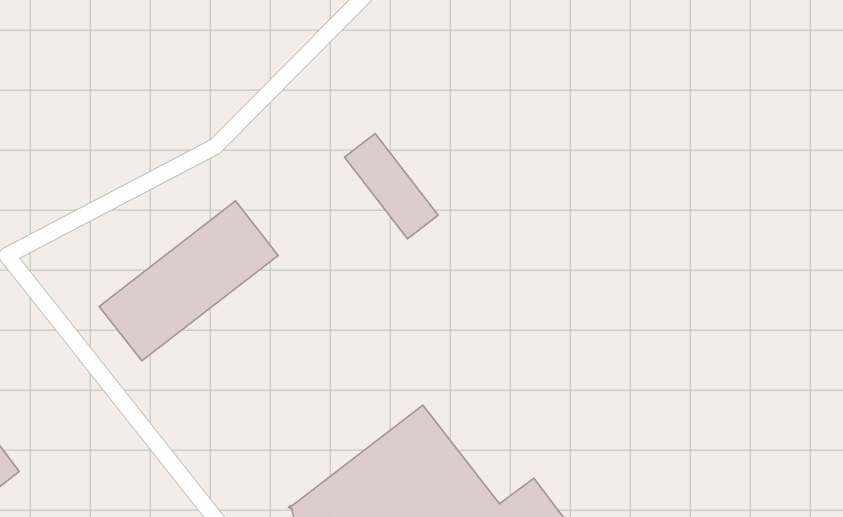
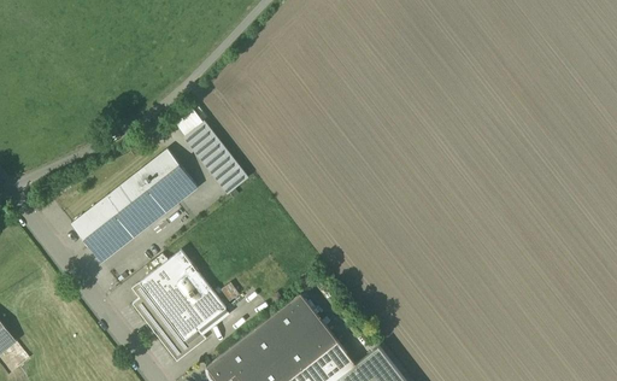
building: [344,133,438,239] -> [182,121,248,195]
building: none -> [131,252,225,363]

